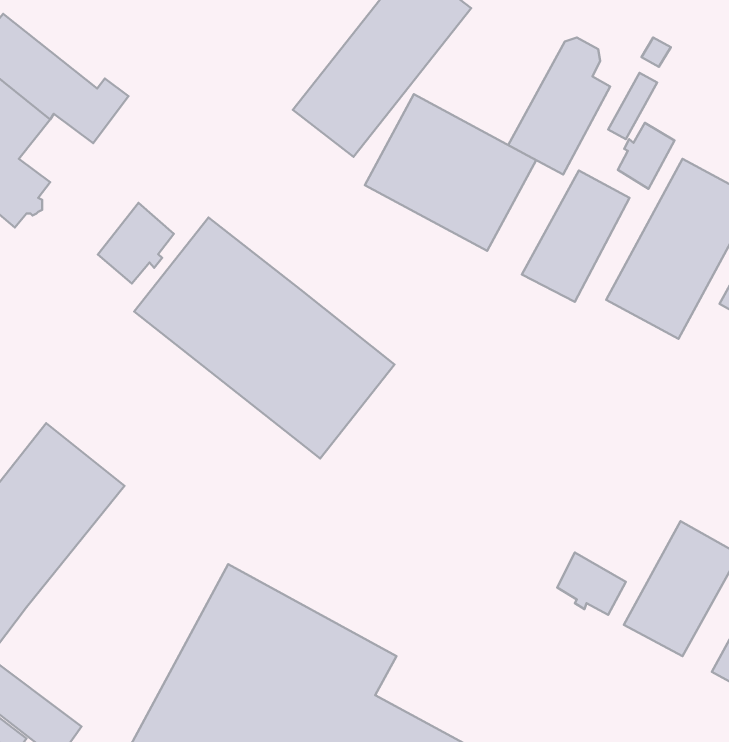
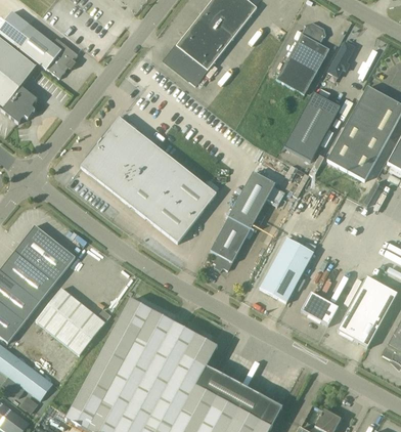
building: [365,94,536,251] -> none
building: [618,123,675,189] -> none
building: [98,203,174,284] -> none
building: none -> [211,171,275,270]
building: none -> [260,237,314,302]
building: none -> [36,288,112,354]

